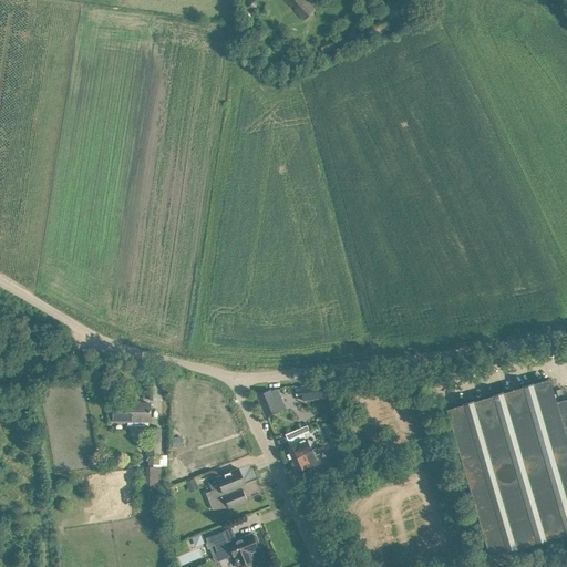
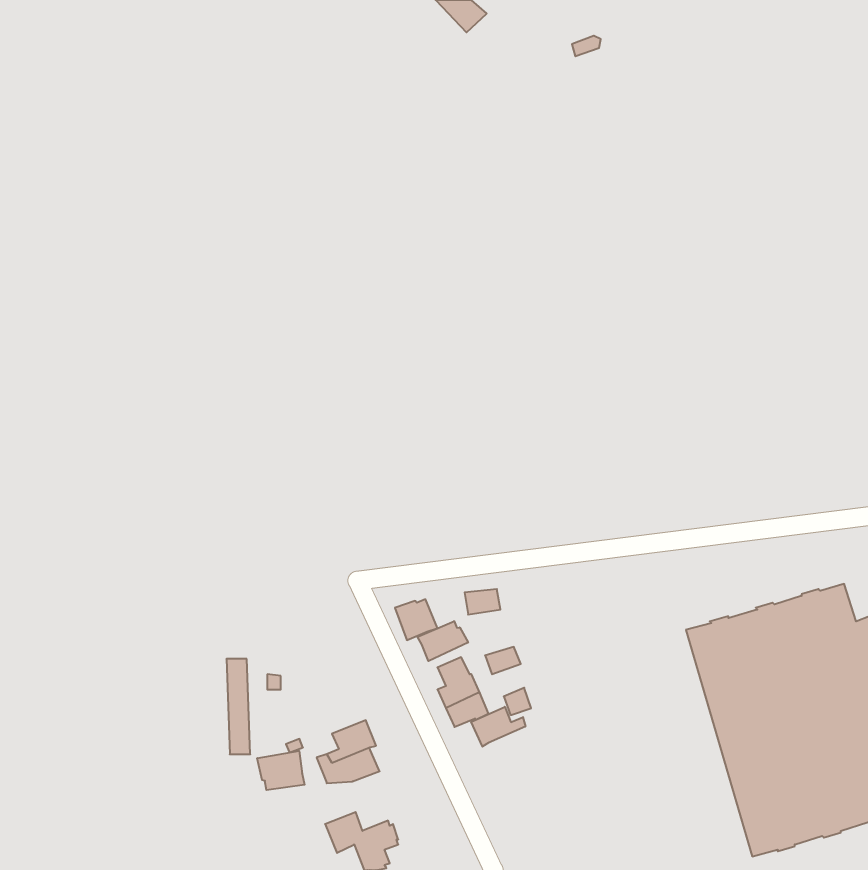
building: [114,402,152,422] -> none
building: none -> [418,621,468,661]
building: none -> [471,707,525,747]
building: none -> [257,751,305,790]

